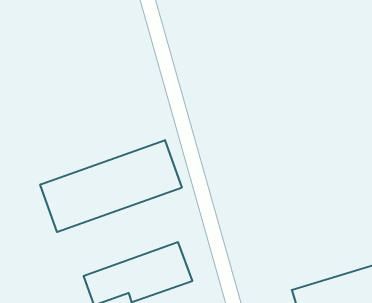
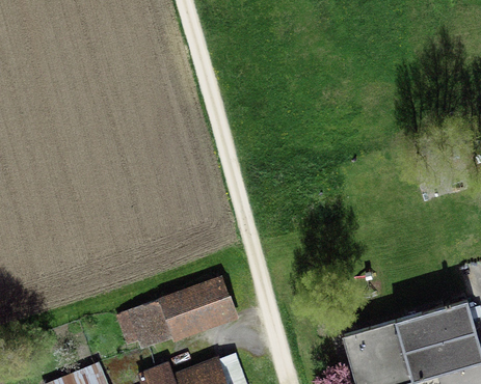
building: [40,140,182,232] -> none

